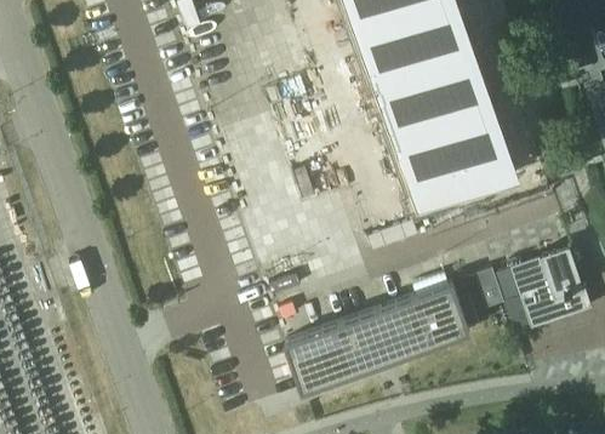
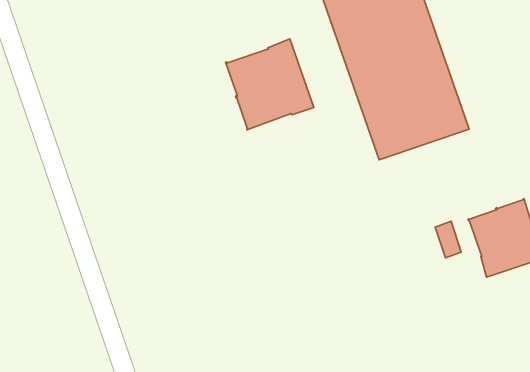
building: none -> [226,39,314,130]
building: [286,275,470,392] -> none

